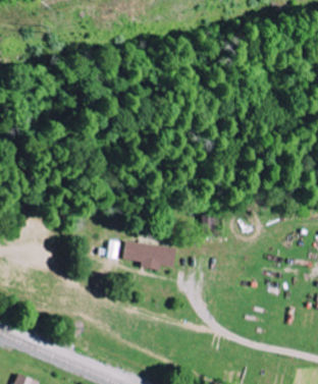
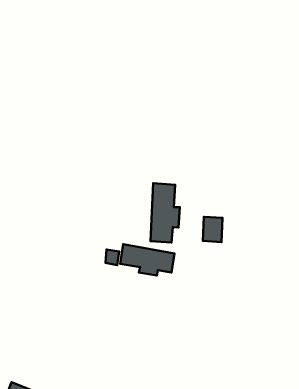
building: none -> [150,183,180,243]

